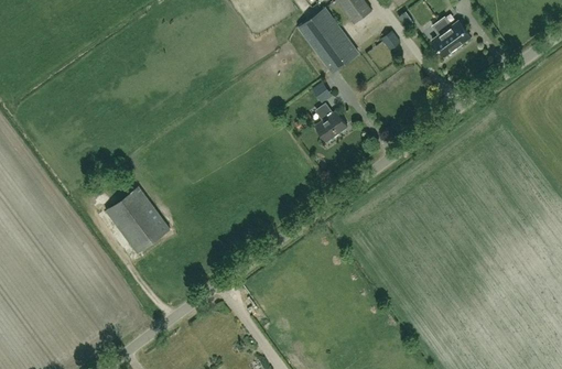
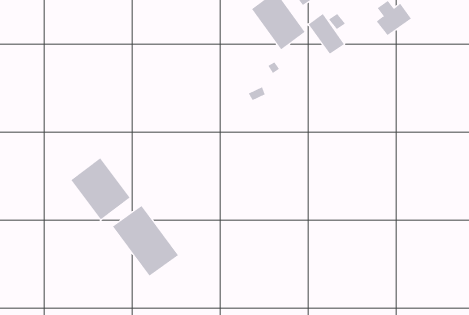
building: [314,104,347,141] -> none
building: none -> [112,205,179,276]

